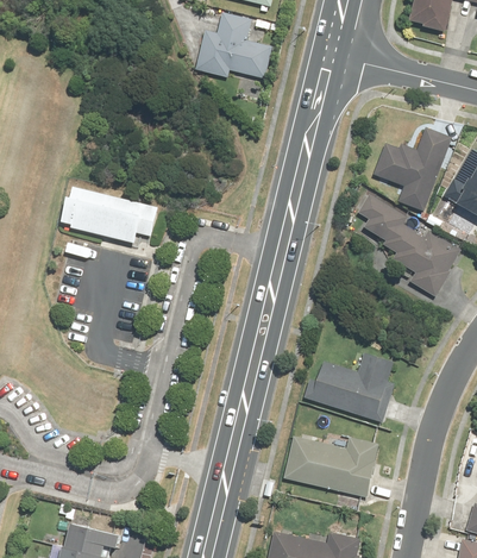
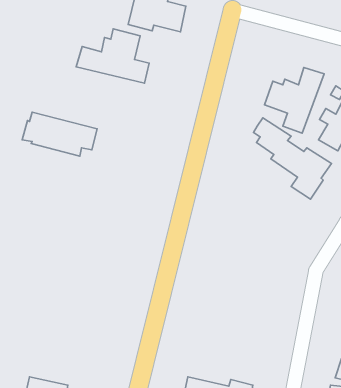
building: none -> [76,29,149,83]
building: [305,351,397,425] -> none
building: [285,434,382,496] -> none

